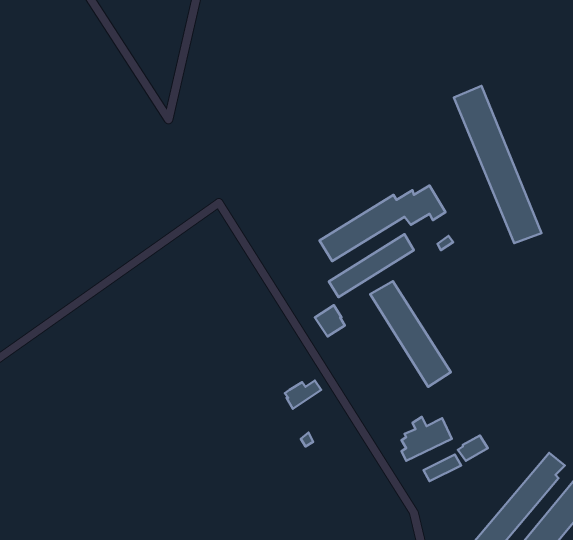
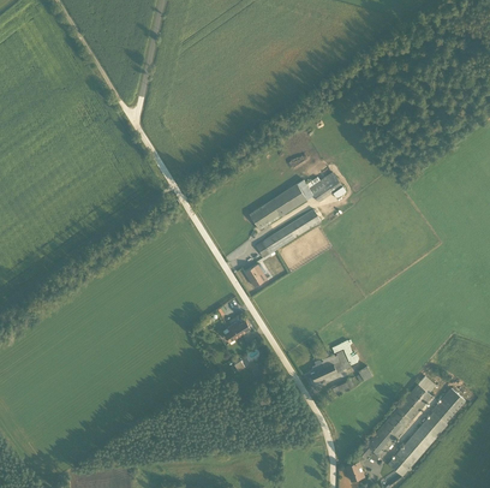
building: [454,86,541,243] -> none
building: [370,281,451,387] -> none

